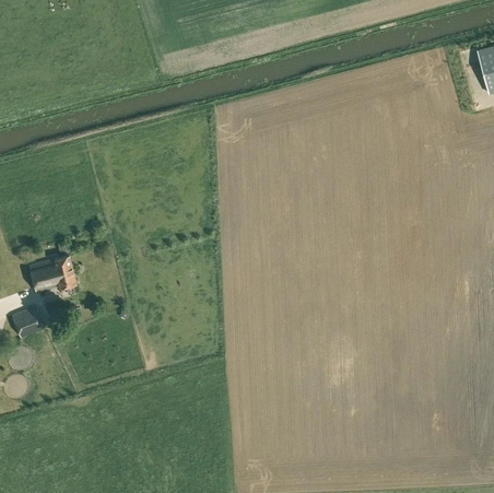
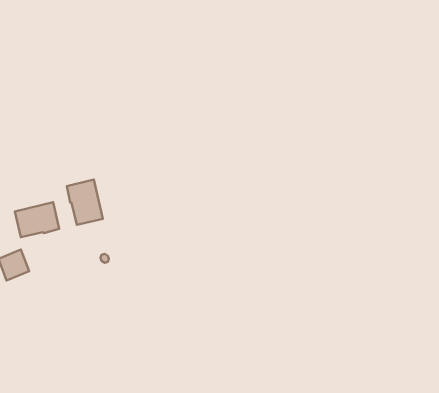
building: none -> [67,180,103,225]

